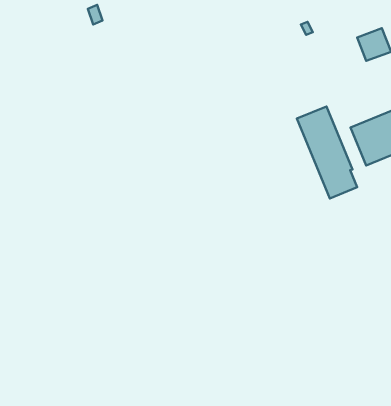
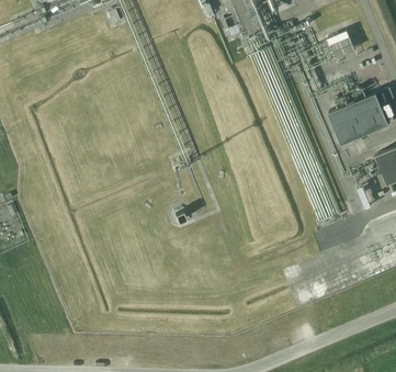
building: [297,107,357,199] -> none

